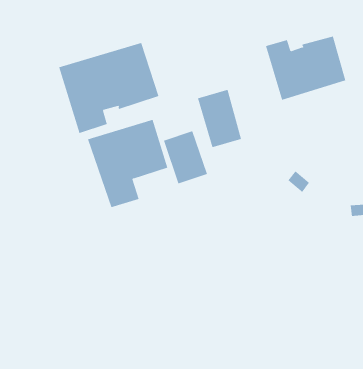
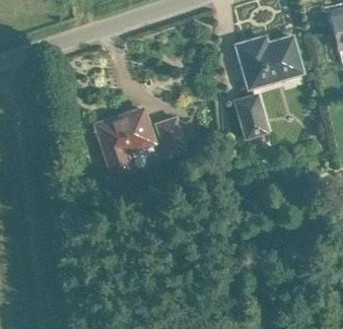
building: [58,42,159,134] -> none
building: [197,89,242,148] -> [233,91,270,139]

